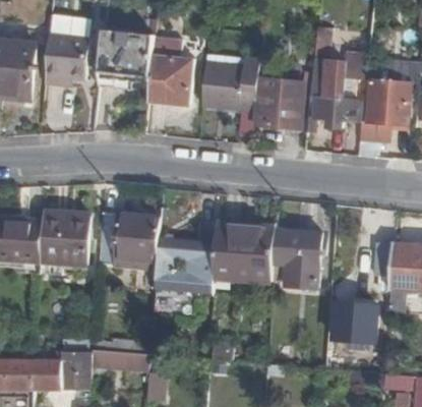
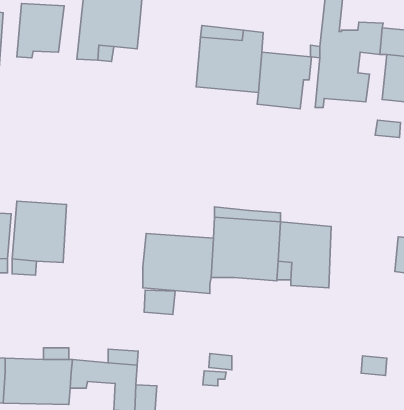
building: [147,56,190,106] -> none
building: [99,214,159,269] -> none
building: [333,302,377,342] -> none

